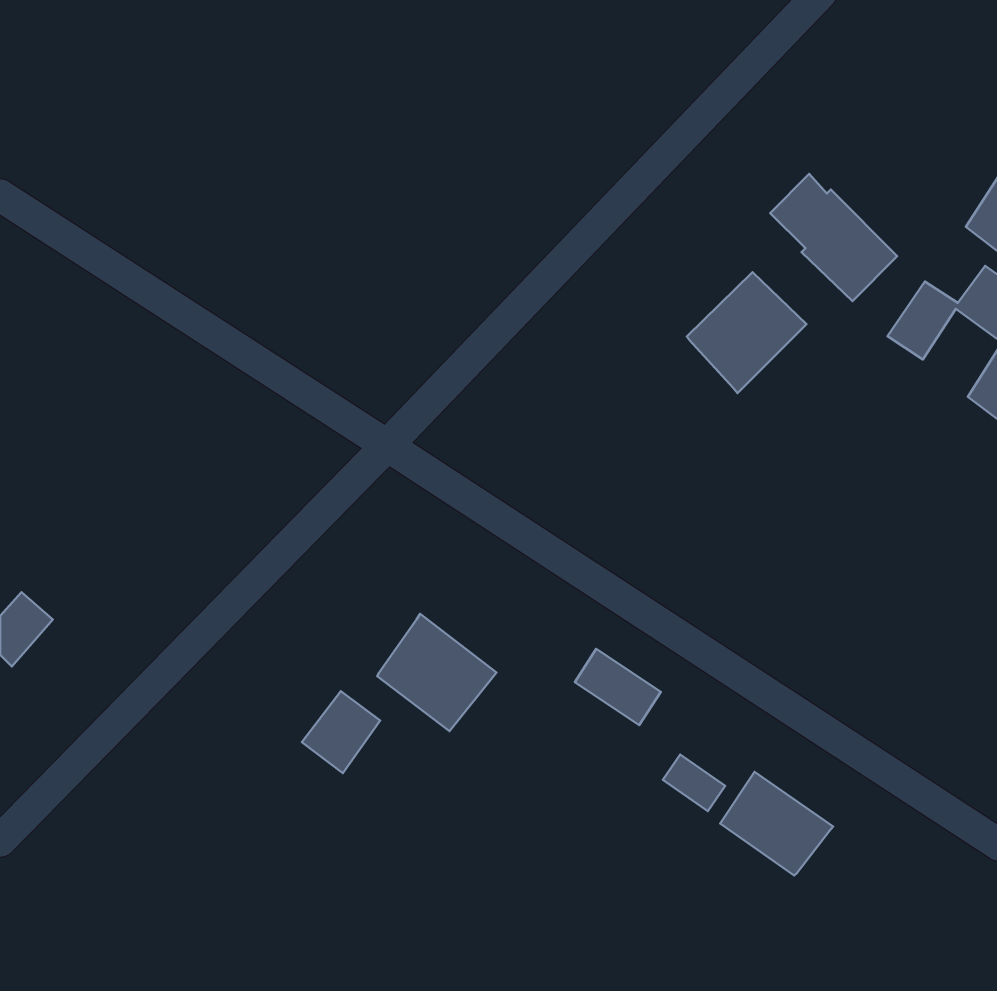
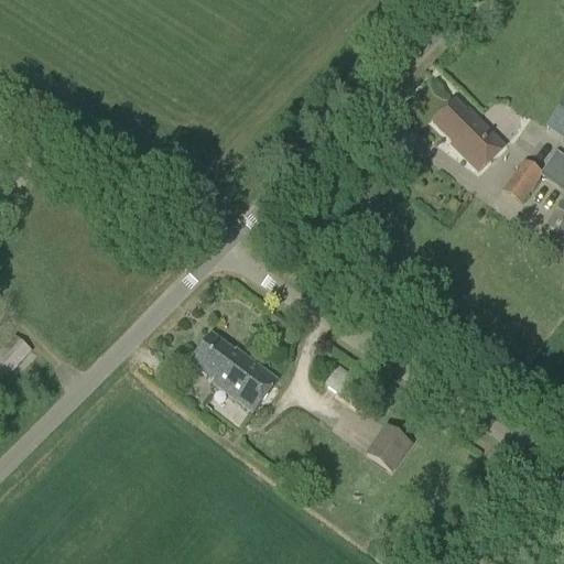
building: [687,272,807,393] -> none
building: [302,691,380,773] -> [192,333,236,379]
building: [720,772,833,876] -> none

